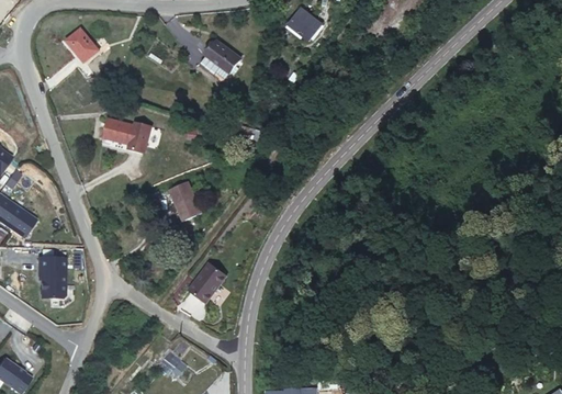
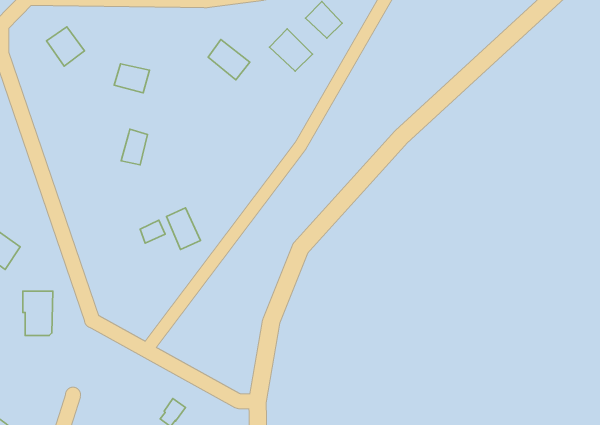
building: none -> [269,29,312,71]
building: [102,116,133,142] -> [114,64,149,93]
building: [188,257,225,297] -> none

